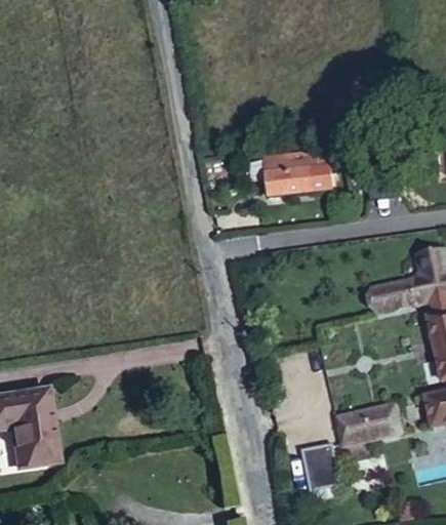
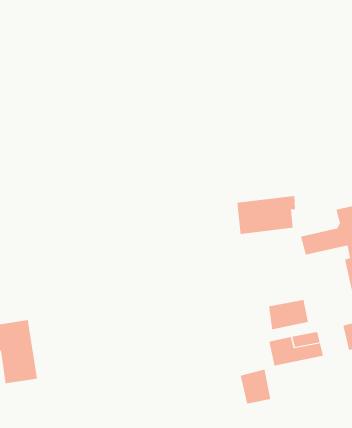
building: [265,148,336,195] -> [237,196,296,235]
building: none -> [269,299,308,330]

